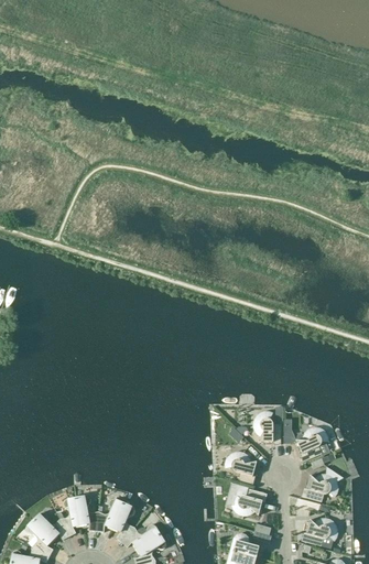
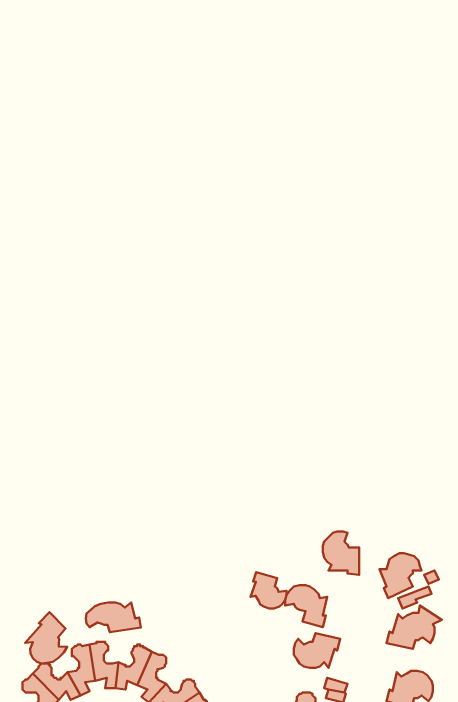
building: none -> [250,572,287,609]
building: none -> [86,603,141,632]
building: none -> [25,612,67,663]

